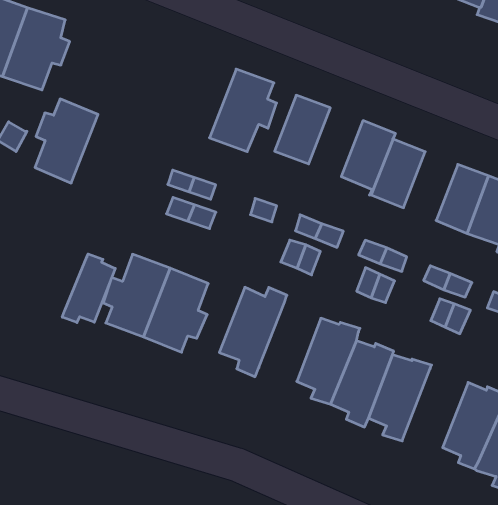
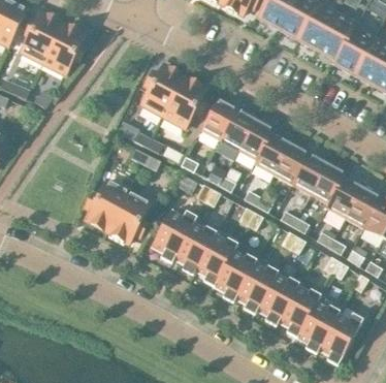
building: [35,99,98,183] -> [141,64,184,116]
building: none -> [220,107,256,150]
building: none -> [274,141,310,184]
building: [62,254,115,323] -> none
building: none -> [173,221,216,275]
building: none -> [256,273,299,326]

